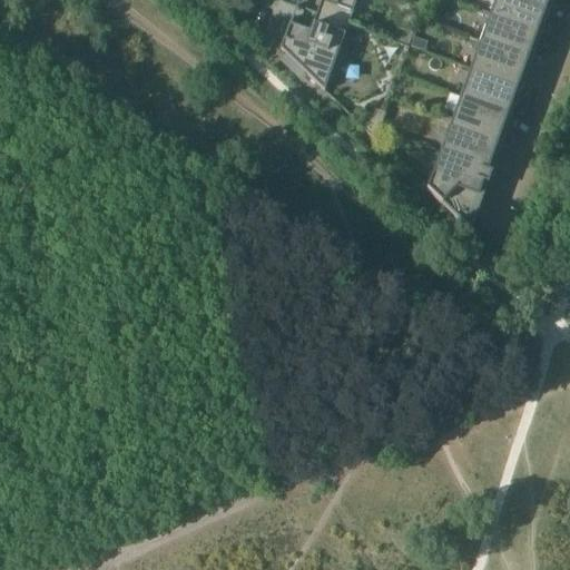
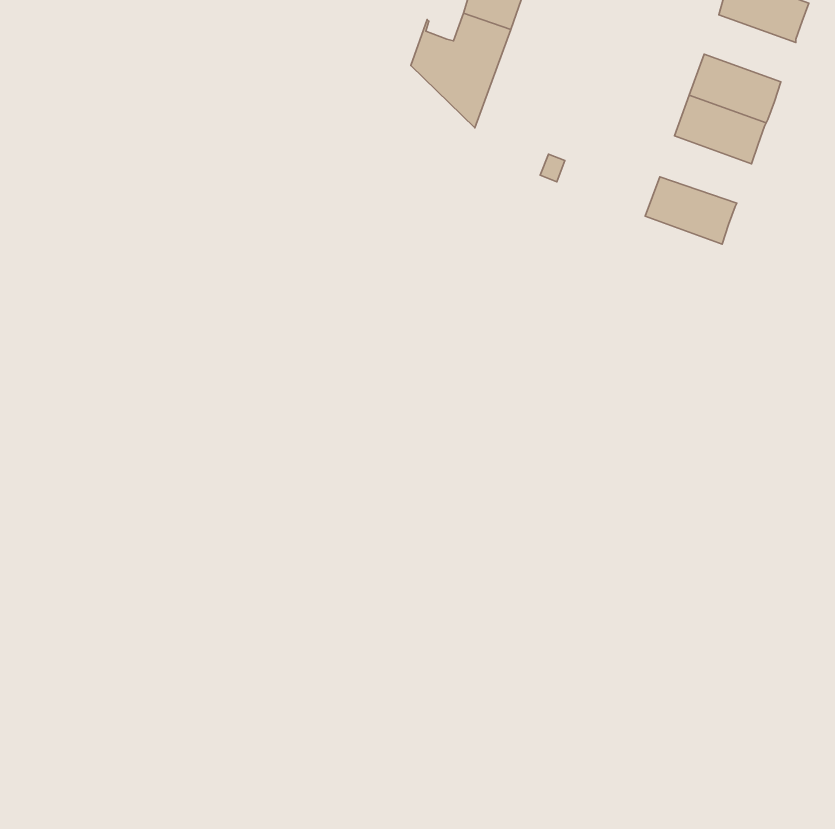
building: [479,10,541,56] -> none
building: [449,92,511,138] -> none
building: [425,147,491,227] -> none

